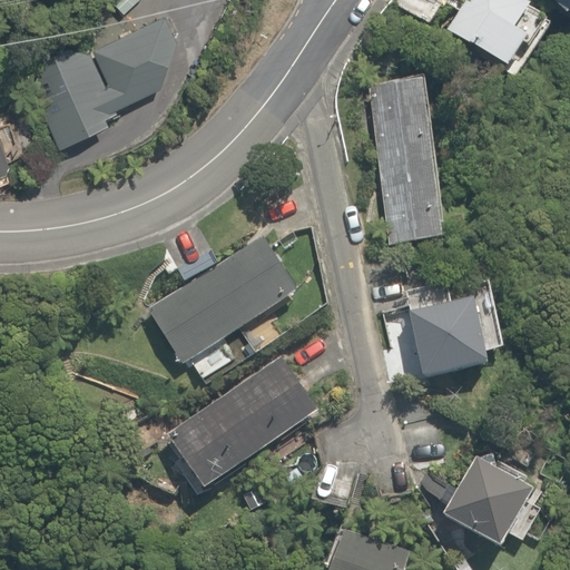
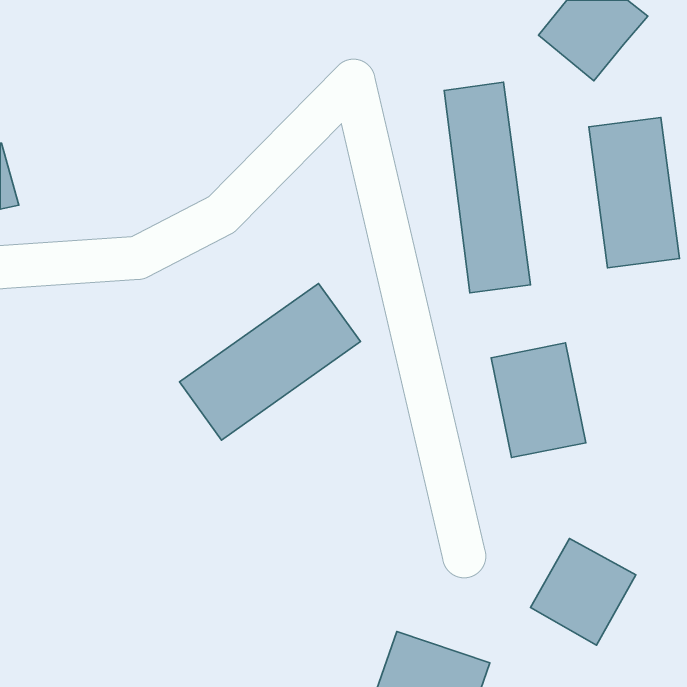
building: [48,17,198,159] -> none
building: none -> [589,118,679,268]
building: [170,361,309,482] -> none

